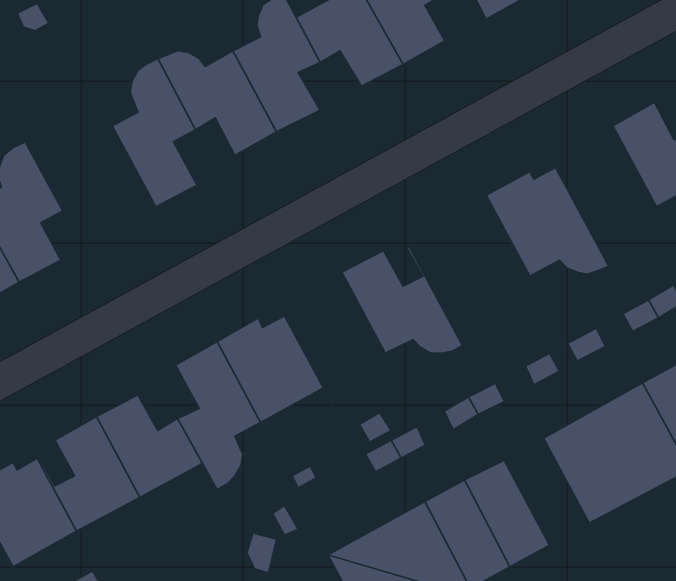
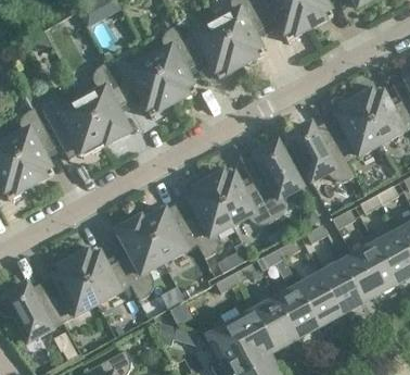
building: none -> [39,99,106,159]
building: none -> [325,99,381,176]
building: none -> [245,142,302,220]
building: none -> [177,179,232,258]
building: none -> [297,271,344,329]

